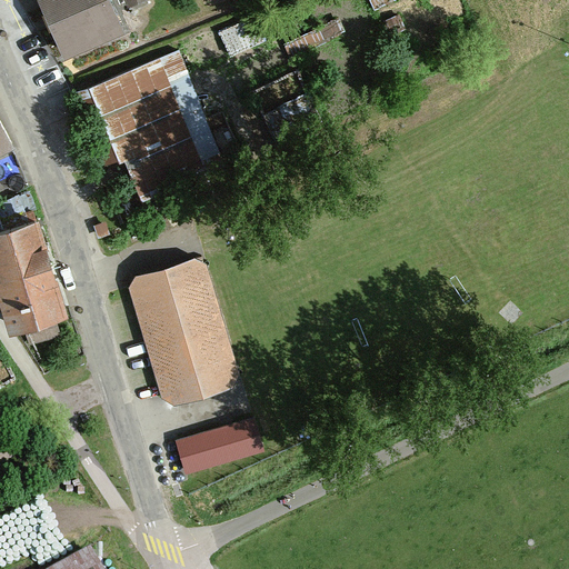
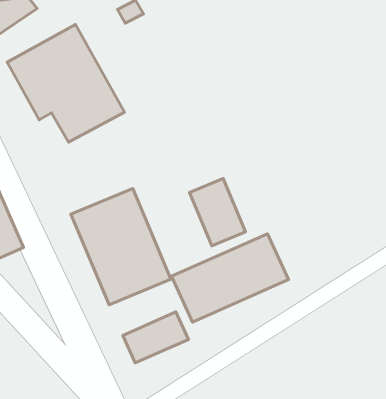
building: none -> [189,178,245,246]
building: none -> [172,234,288,322]

